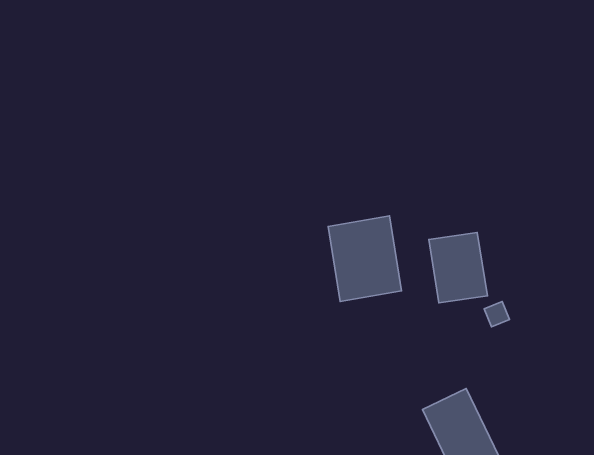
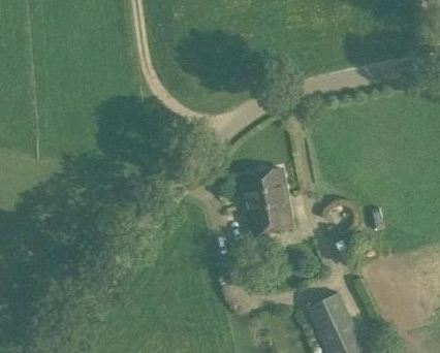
building: [429,232,487,303] -> none

